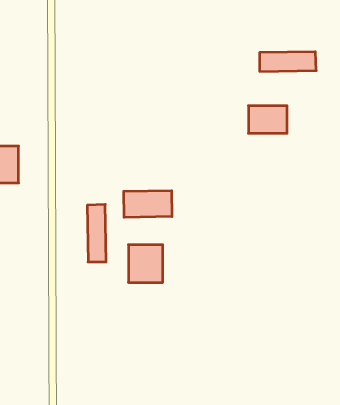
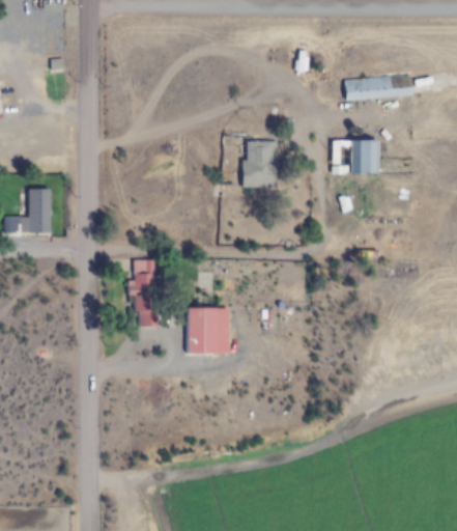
building: none -> [244,140,279,186]
building: [124,191,172,217] -> none

